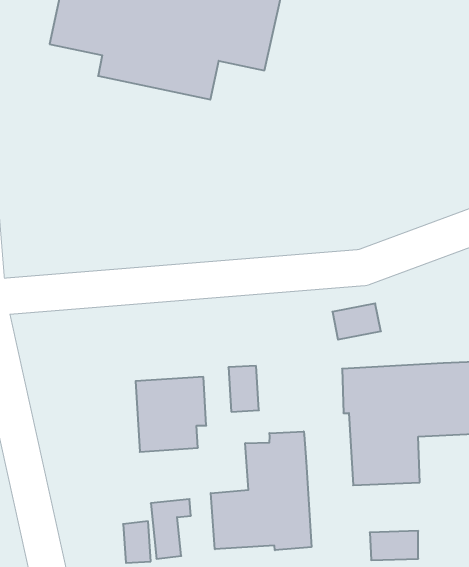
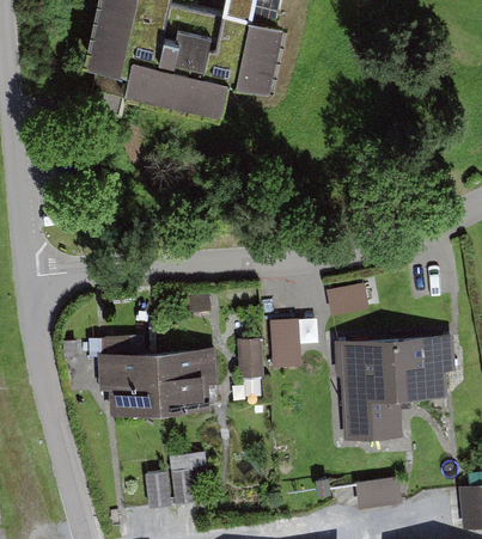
building: none -> [270,320,301,369]
building: none -> [97,353,160,416]
building: [211,431,311,550] -> none

